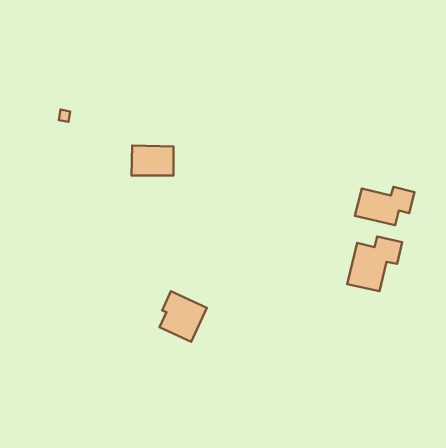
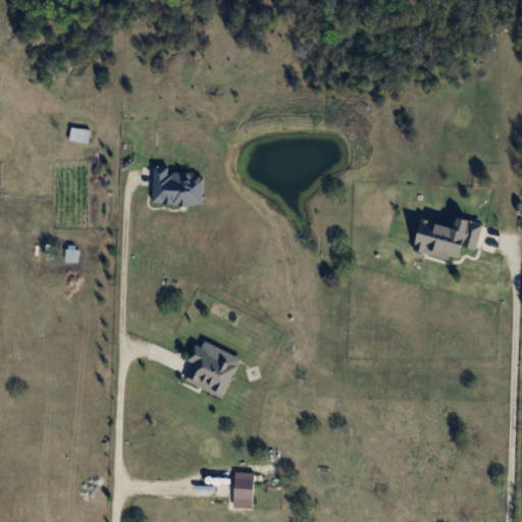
building: [347,236,402,291] -> none
building: none -> [233,477,253,500]

